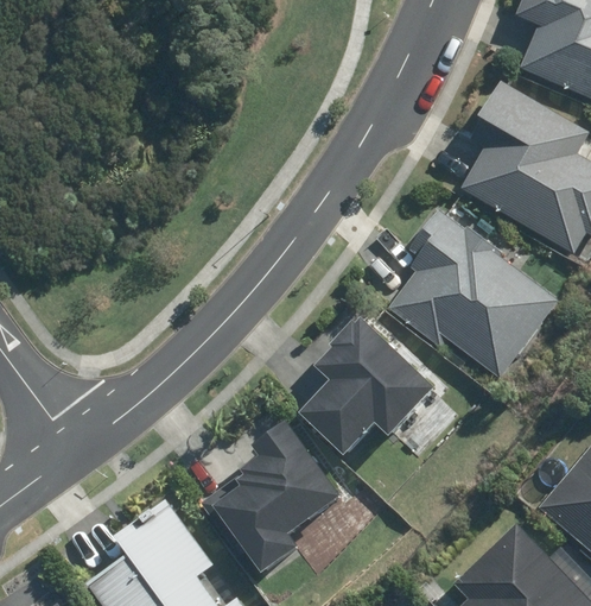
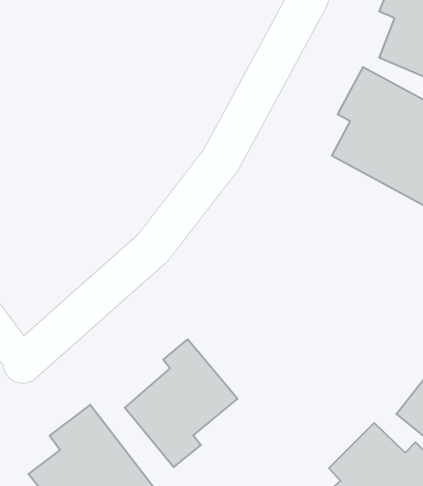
building: [388,207,560,381] -> none
building: [300,317,436,460] -> none

